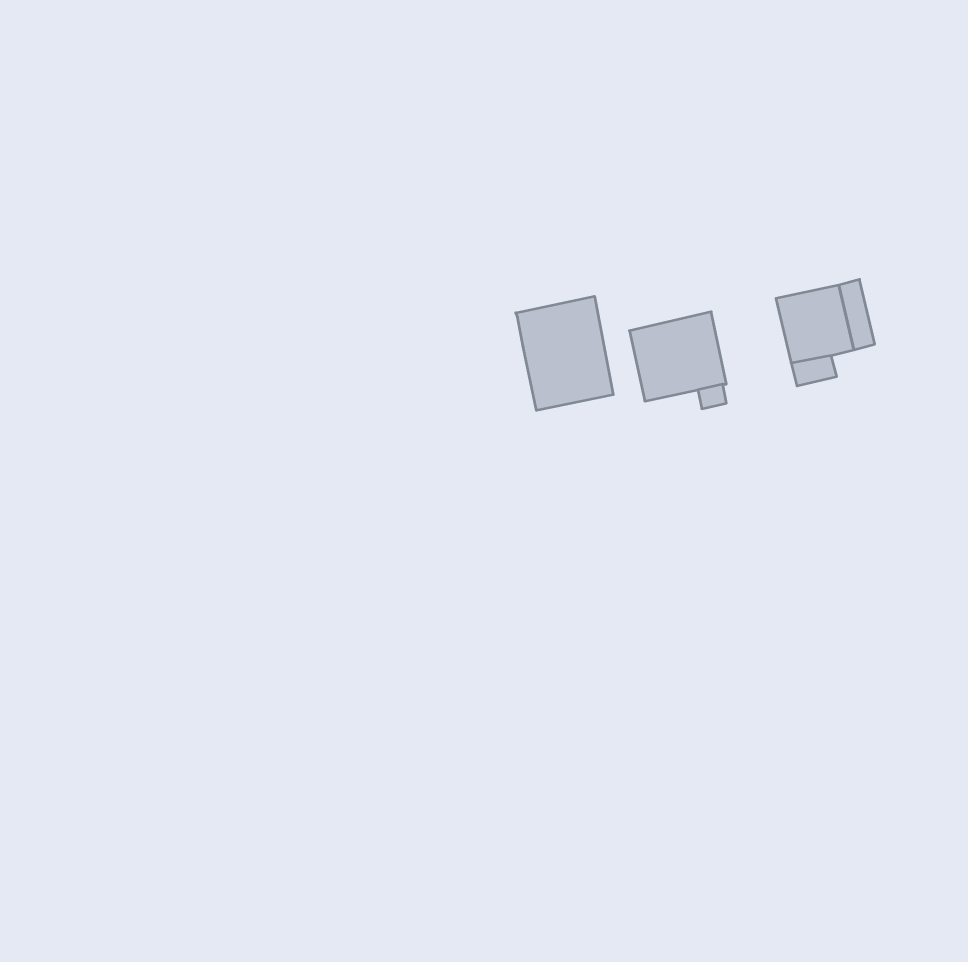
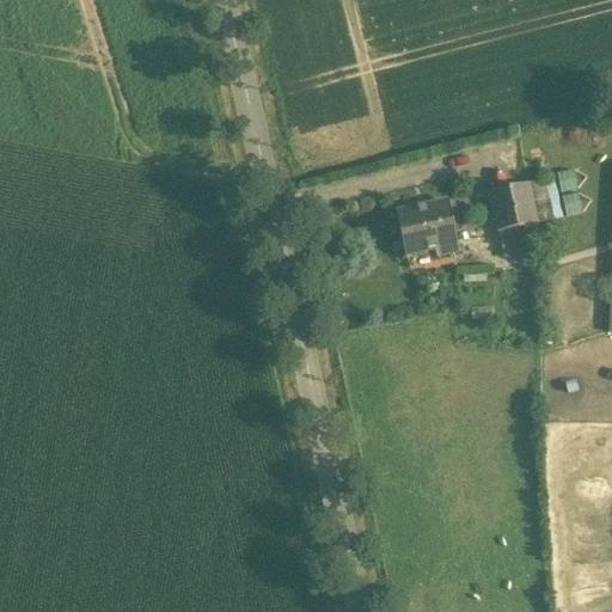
building: [516,296,613,410] -> none

